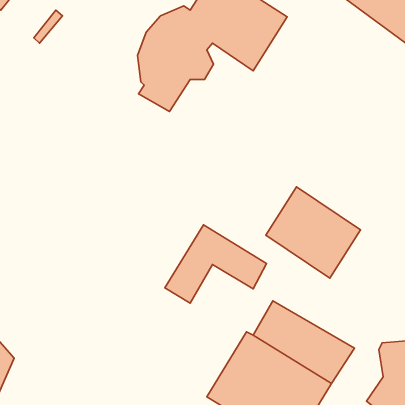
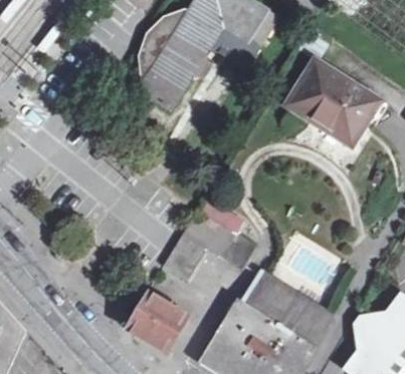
building: [266,187,361,278] -> [289,57,376,140]
building: none -> [129,293,189,350]

